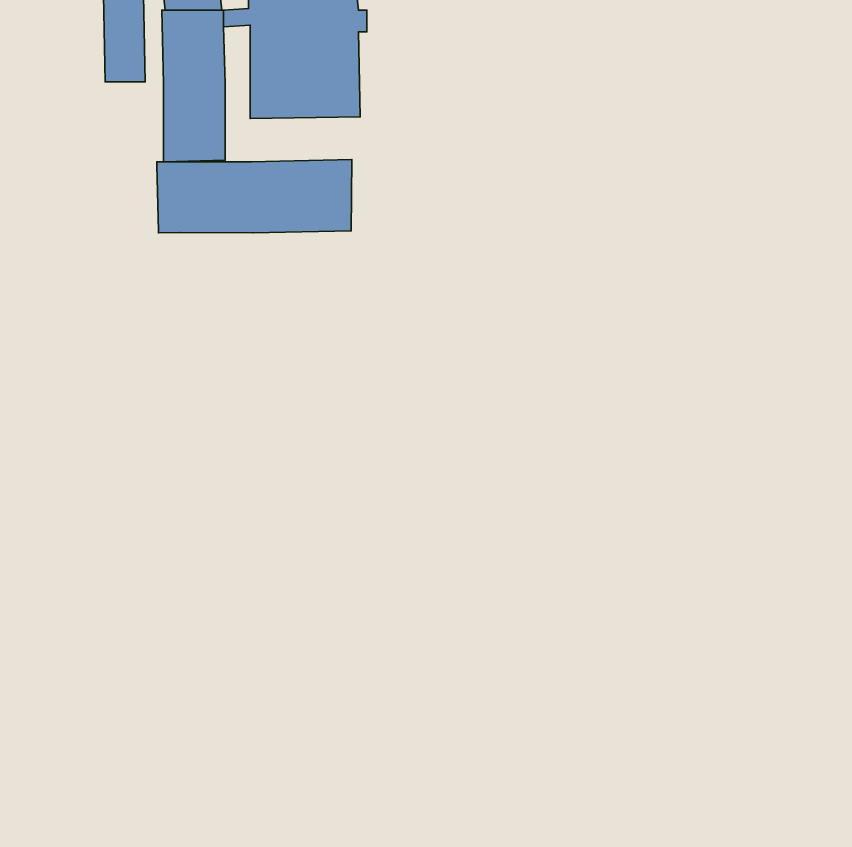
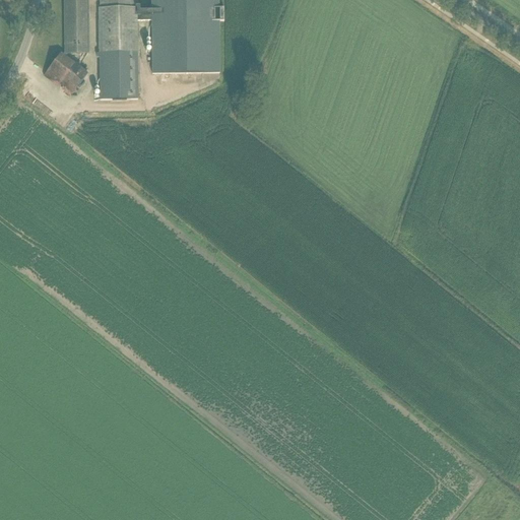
building: none -> [43,51,87,94]
building: [157,160,352,233] -> none

